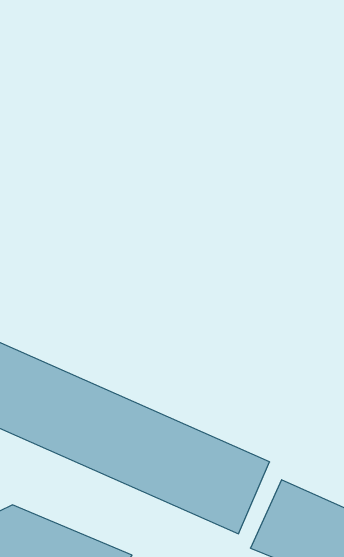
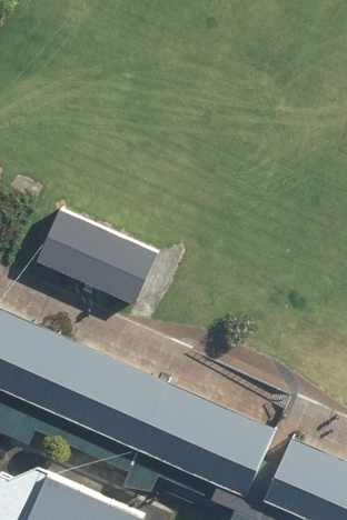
building: none -> [36,208,158,303]

